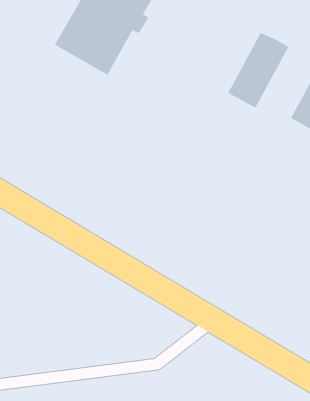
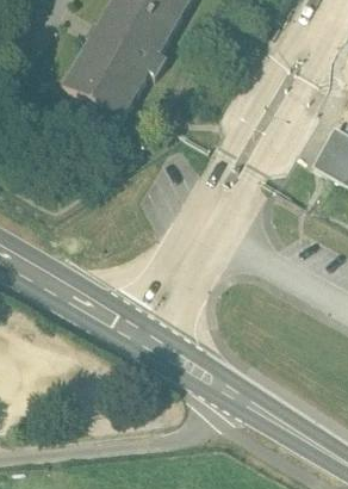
building: [228,32,289,108] -> none

